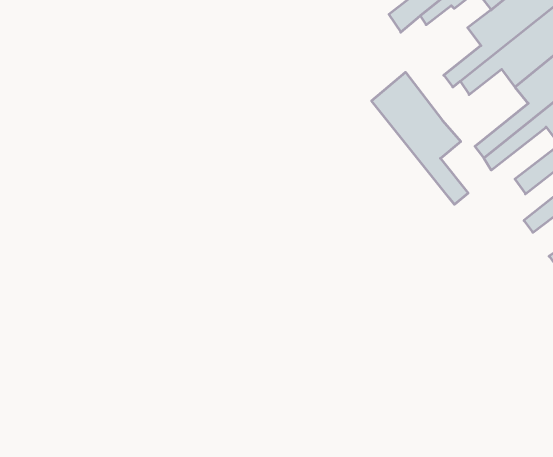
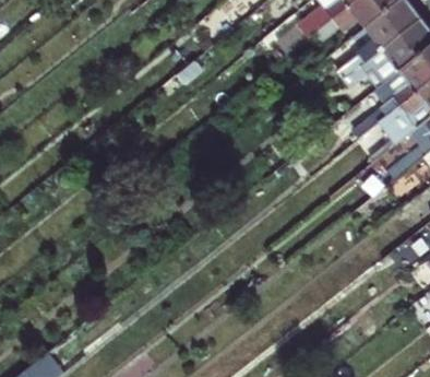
building: [372,72,468,204] -> none

